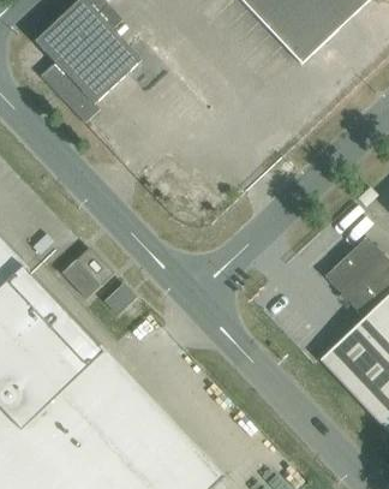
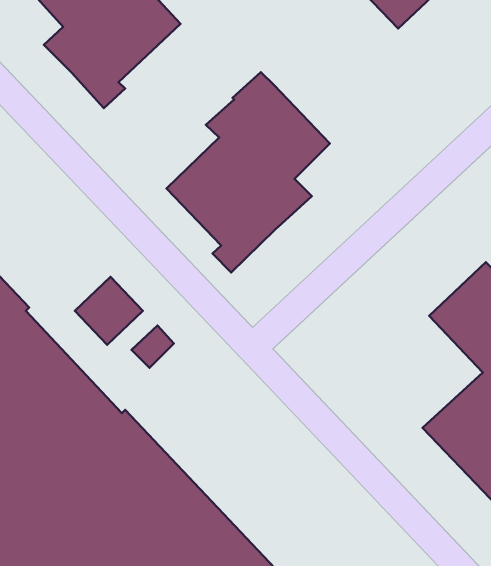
building: none -> [167,72,330,273]

